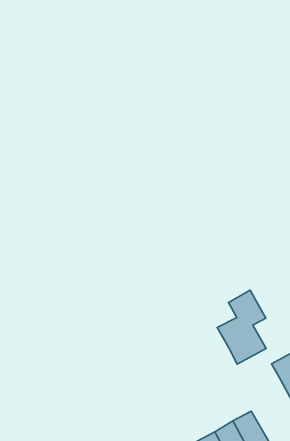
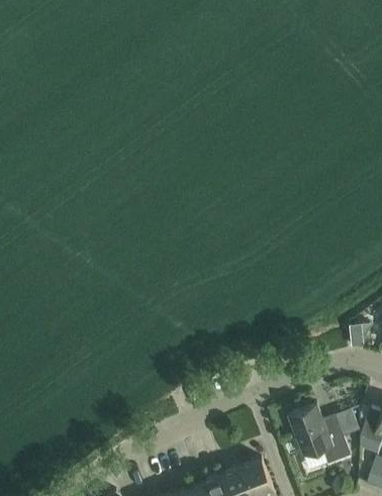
building: [217,290,266,364] -> none

